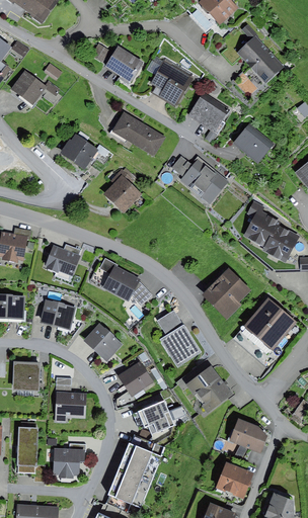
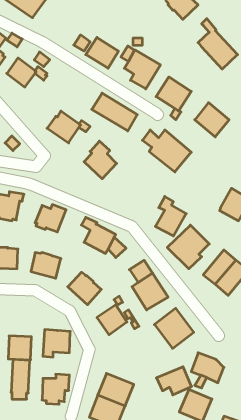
building: [242,200,279,247] -> [155,196,186,236]
building: [12,361,40,390] -> [8,336,31,360]
building: [132,401,173,434] -> [156,367,192,395]

